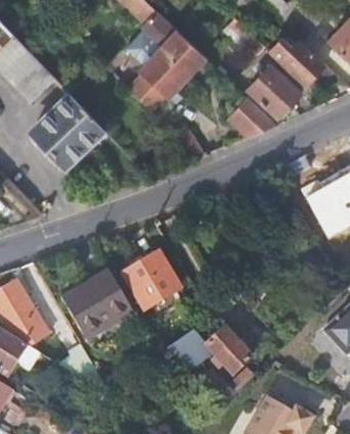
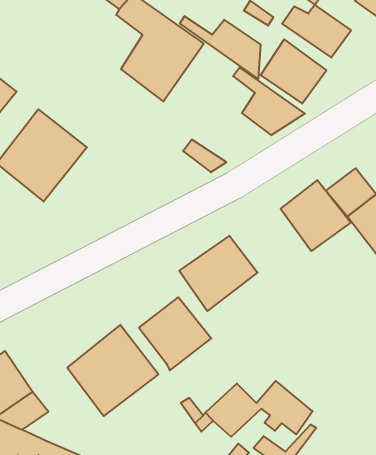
building: none -> [180,16,261,79]
building: none -> [281,180,351,251]
building: none -> [179,236,258,311]

